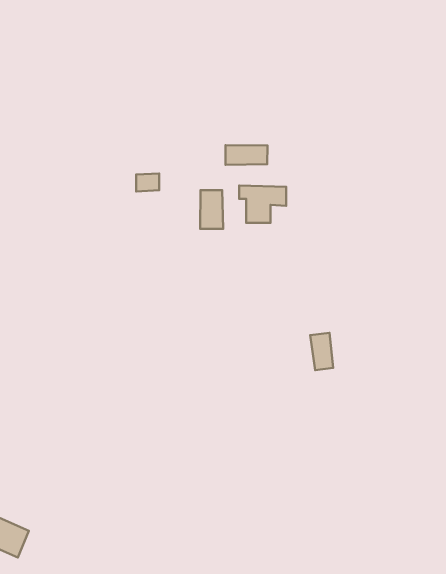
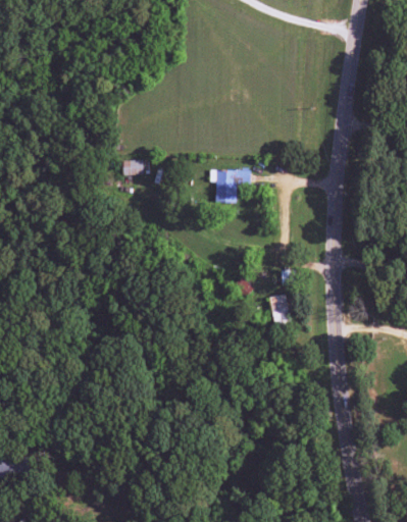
building: [225,145,267,165] -> none
building: [200,190,223,229] -> none

